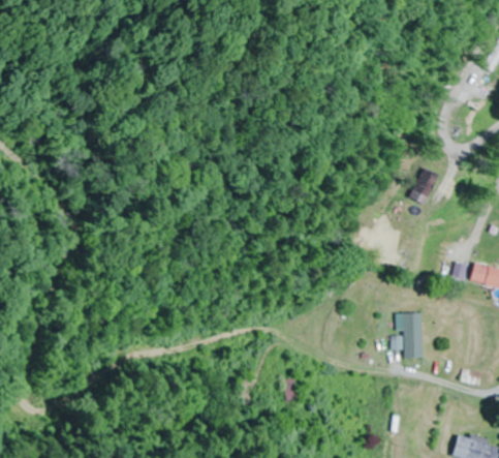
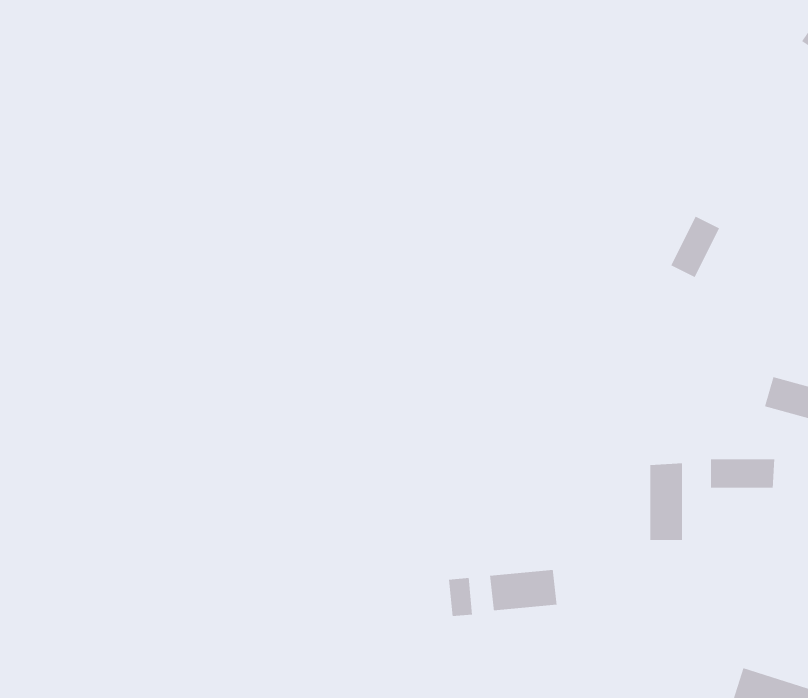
building: none -> [710,458,775,488]
building: none -> [489,569,557,611]

